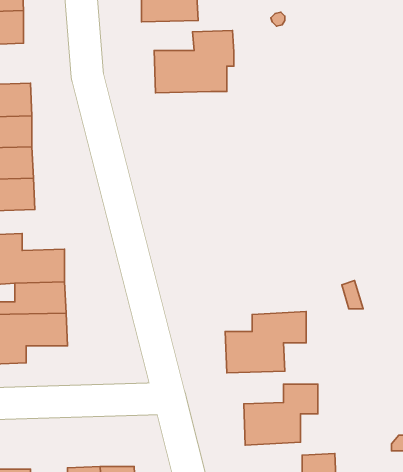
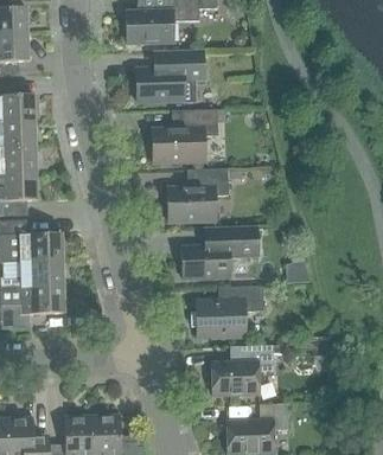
building: none -> [152,110,217,165]
building: none -> [167,169,228,223]
building: none -> [181,228,257,280]

